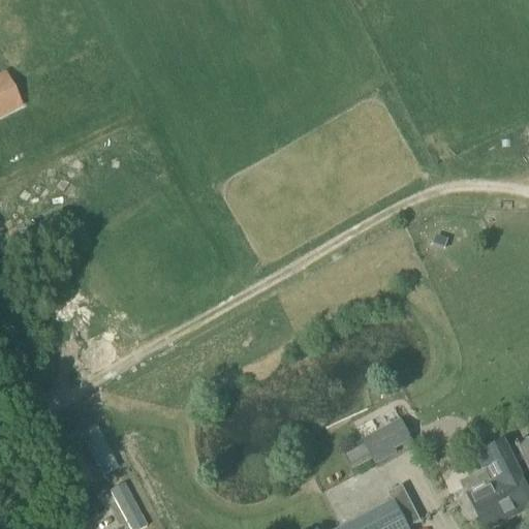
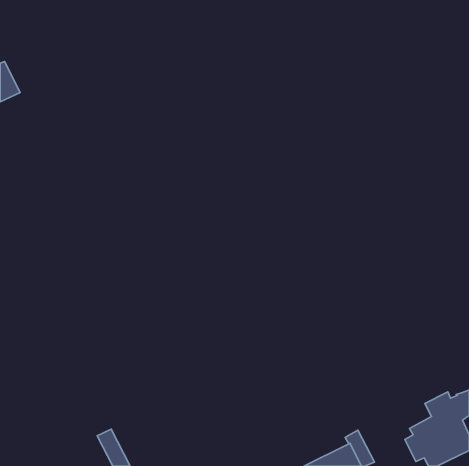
building: [362,417,415,464] -> none

